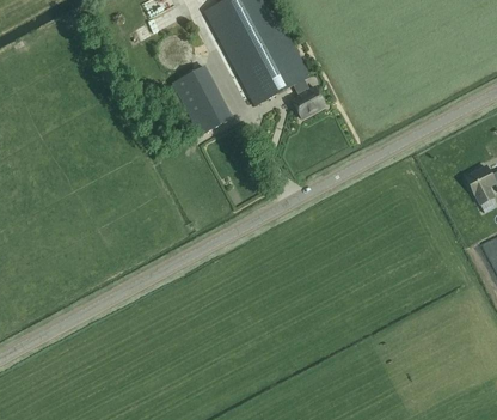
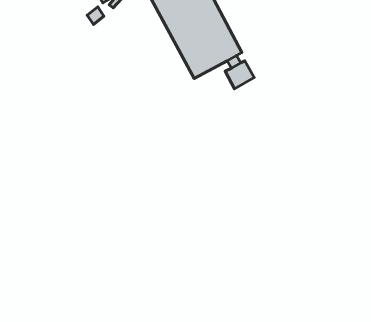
building: [170,65,231,135] -> none

